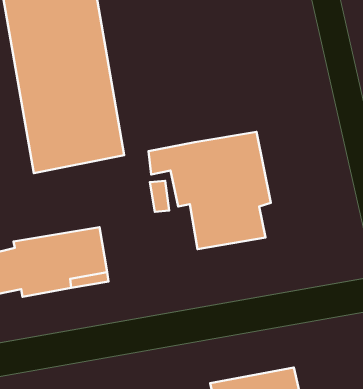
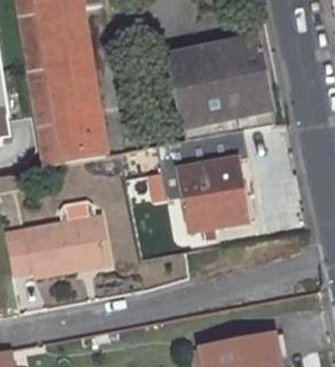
building: none -> [166,38,273,141]

